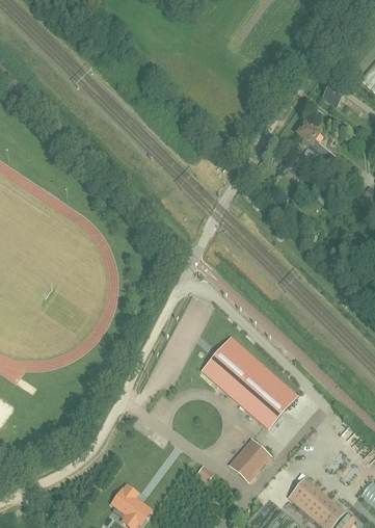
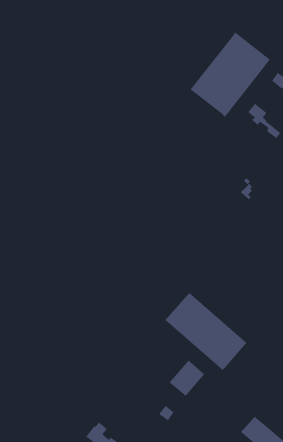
building: none -> [190,31,271,118]
building: [229,439,270,481] -> [169,360,205,397]

